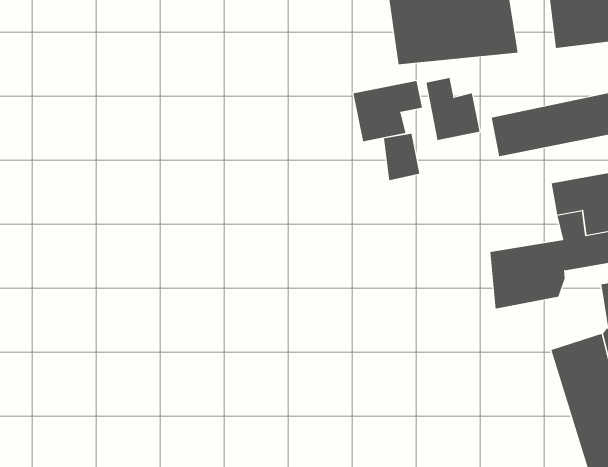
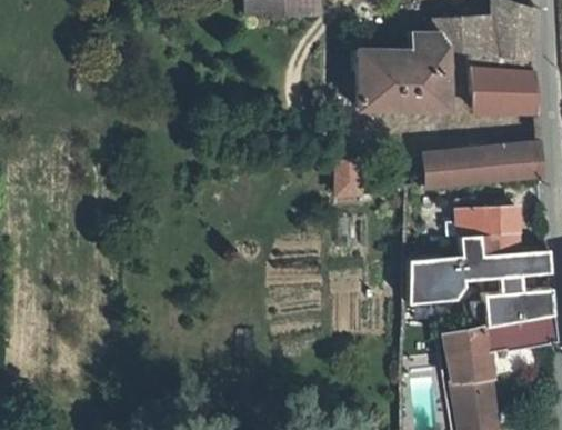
building: [426,77,480,141] -> none
building: [353,80,422,142] -> none

